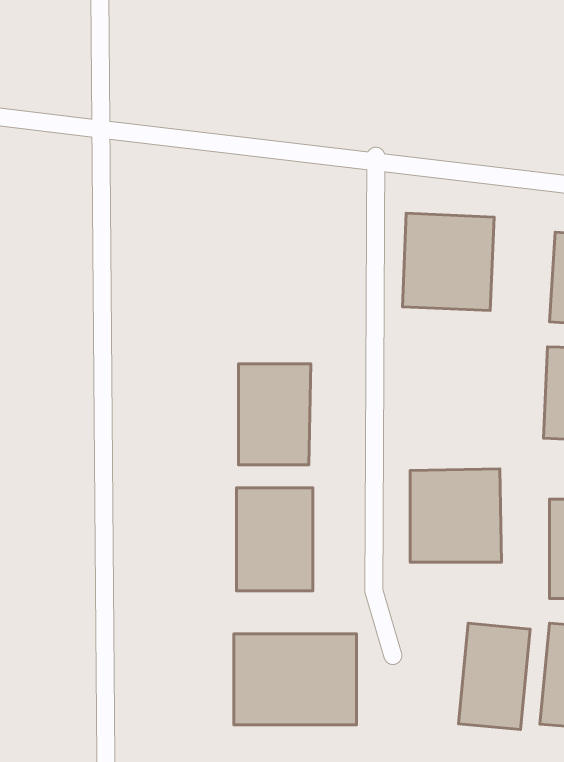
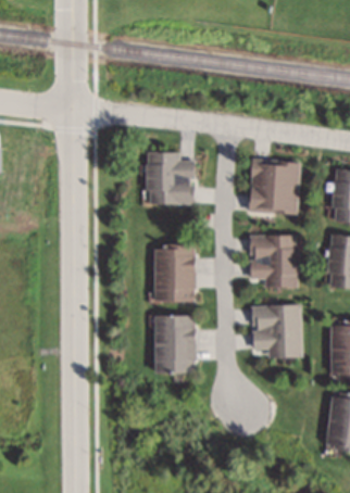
building: none -> [146,154,193,204]
building: none -> [249,235,299,288]
building: [459,623,530,730] -> none
building: [234,634,357,725] -> none

